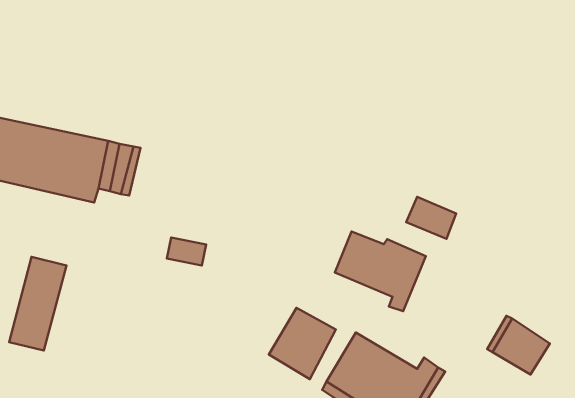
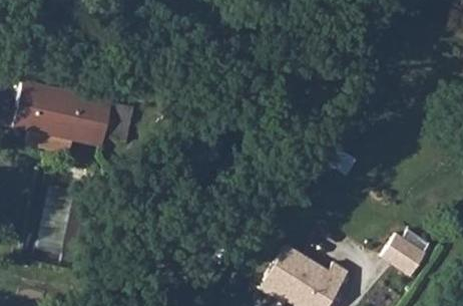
building: [335,232,426,311] -> none
building: [269,308,336,379] -> none

